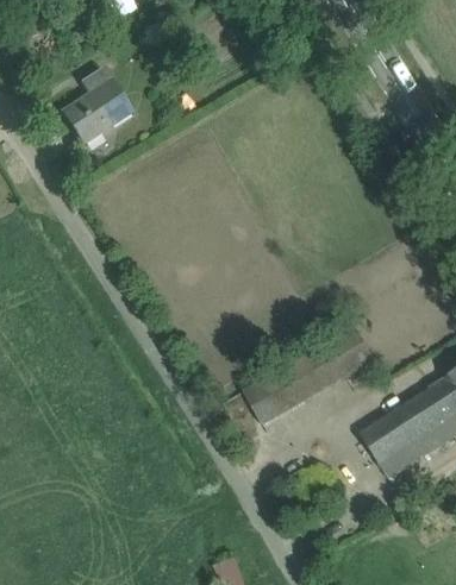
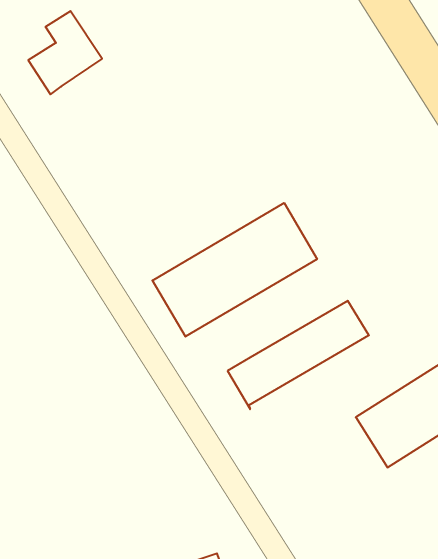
building: none -> [152,203,317,337]

